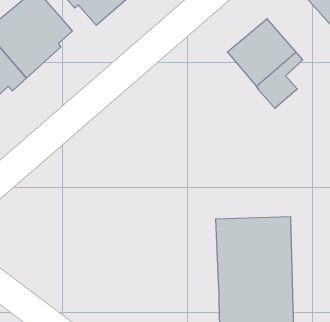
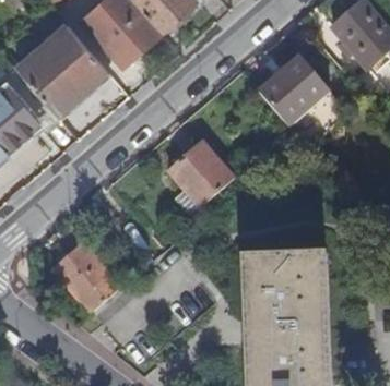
building: none -> [168,142,231,205]
building: none -> [52,243,118,311]

